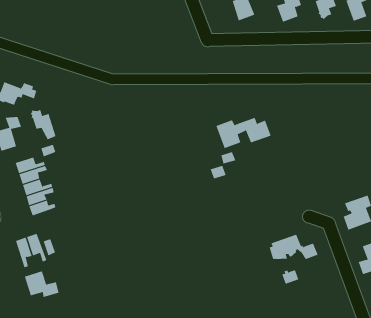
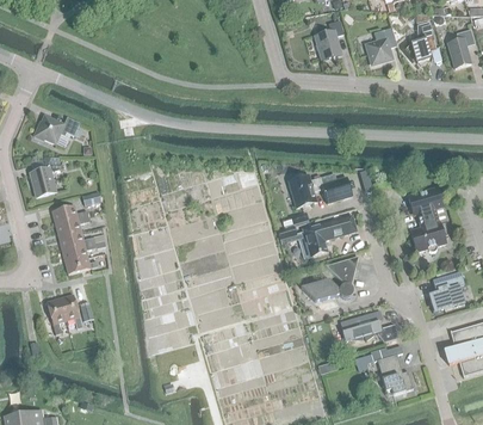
building: [30,109,56,140] -> none
building: none -> [408,185,446,251]
building: none -> [302,214,357,255]
building: none -> [301,255,358,300]
building: none -> [377,344,413,394]
building: [24,270,59,298] -> none

